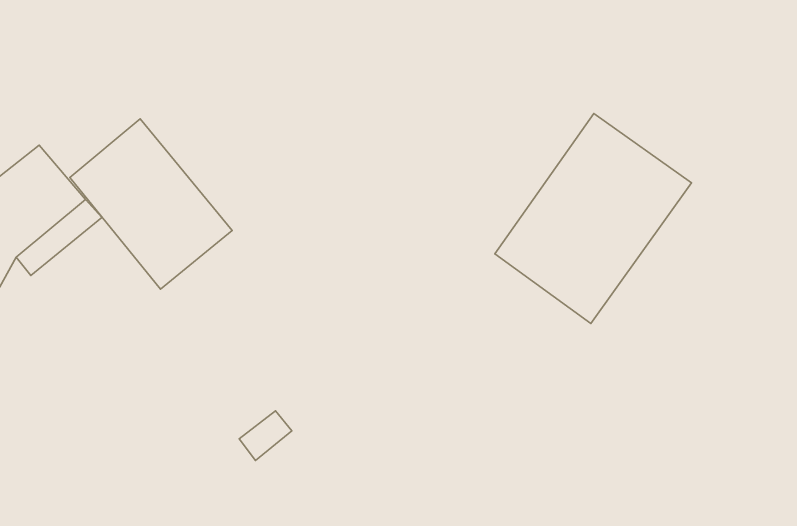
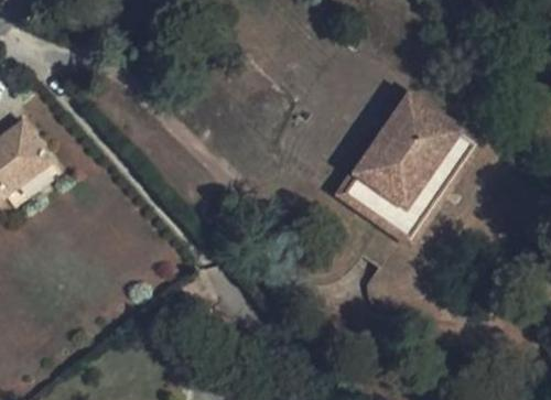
building: [70,119,232,289] -> none

